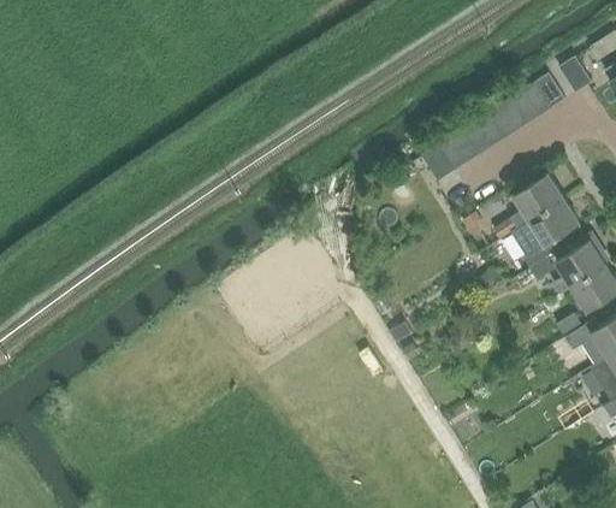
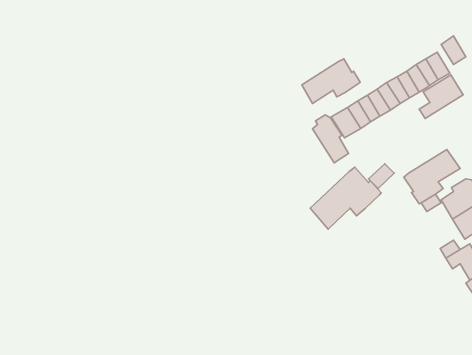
building: none -> [302,59,360,104]
building: none -> [313,115,349,163]
building: [509,173,564,229] -> [419,75,463,119]
building: none -> [310,167,381,229]

